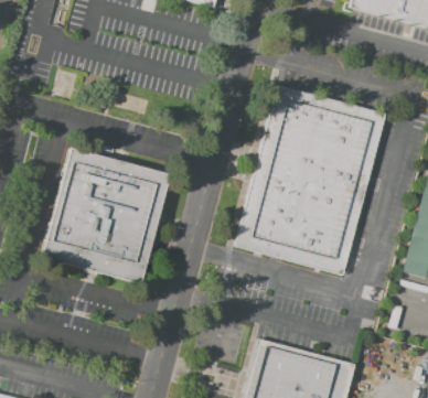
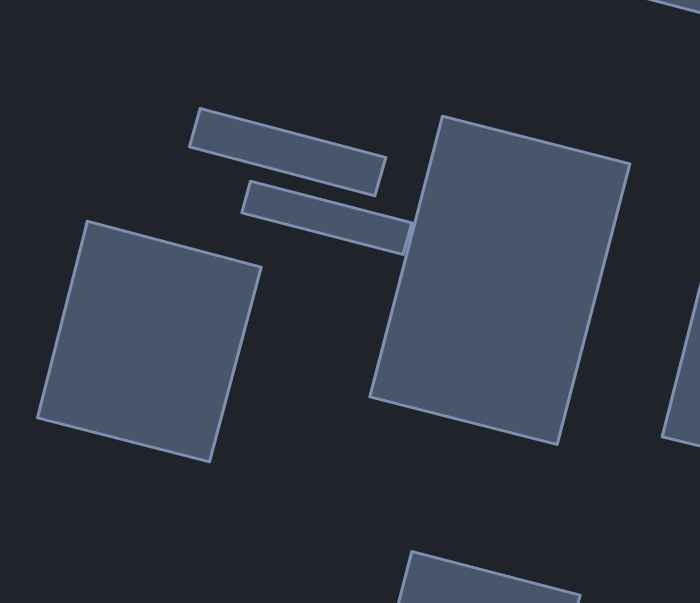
building: none -> [189,109,386,196]
building: none -> [242,181,412,254]

